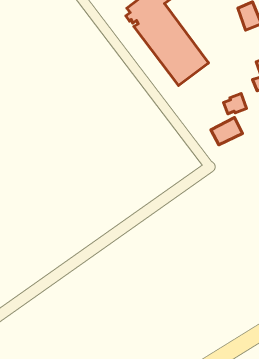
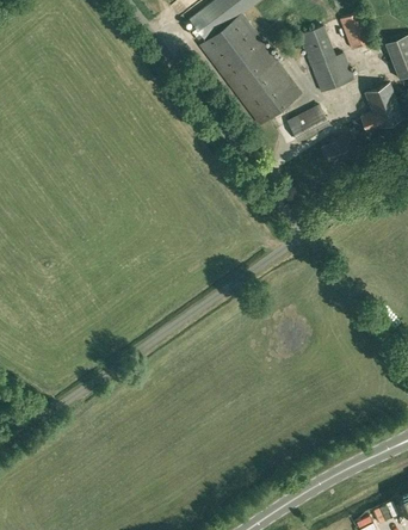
building: none -> [298,26,354,93]
building: [211,118,243,145] -> [286,105,329,142]

